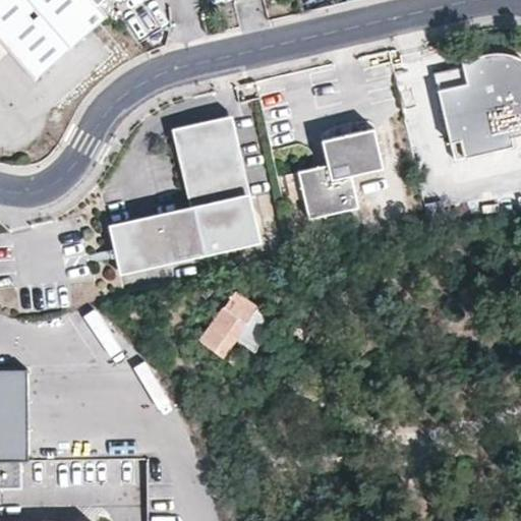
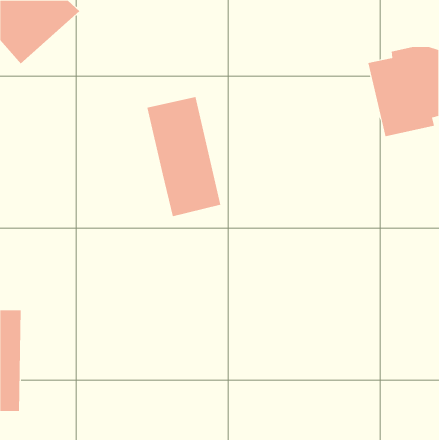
building: [298,130,384,221] -> none
building: [110,206,204,277] -> none
building: [200,295,256,363] -> none

